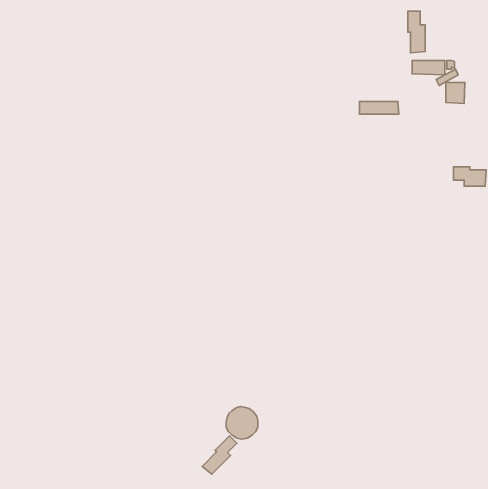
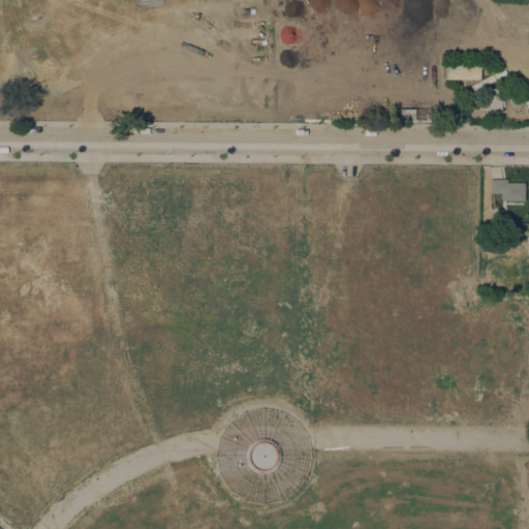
building: [408,11,425,53] -> none
building: [202,436,237,474] -> none

